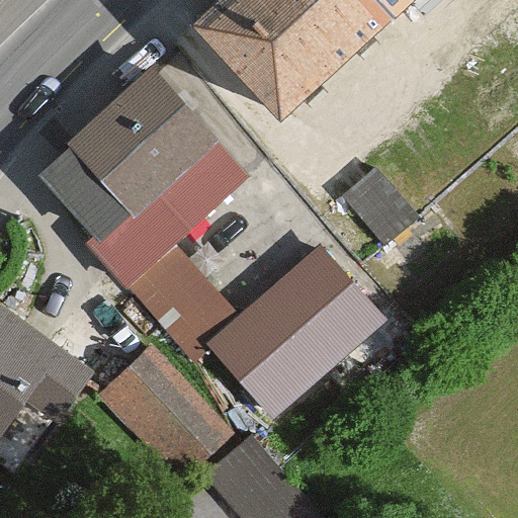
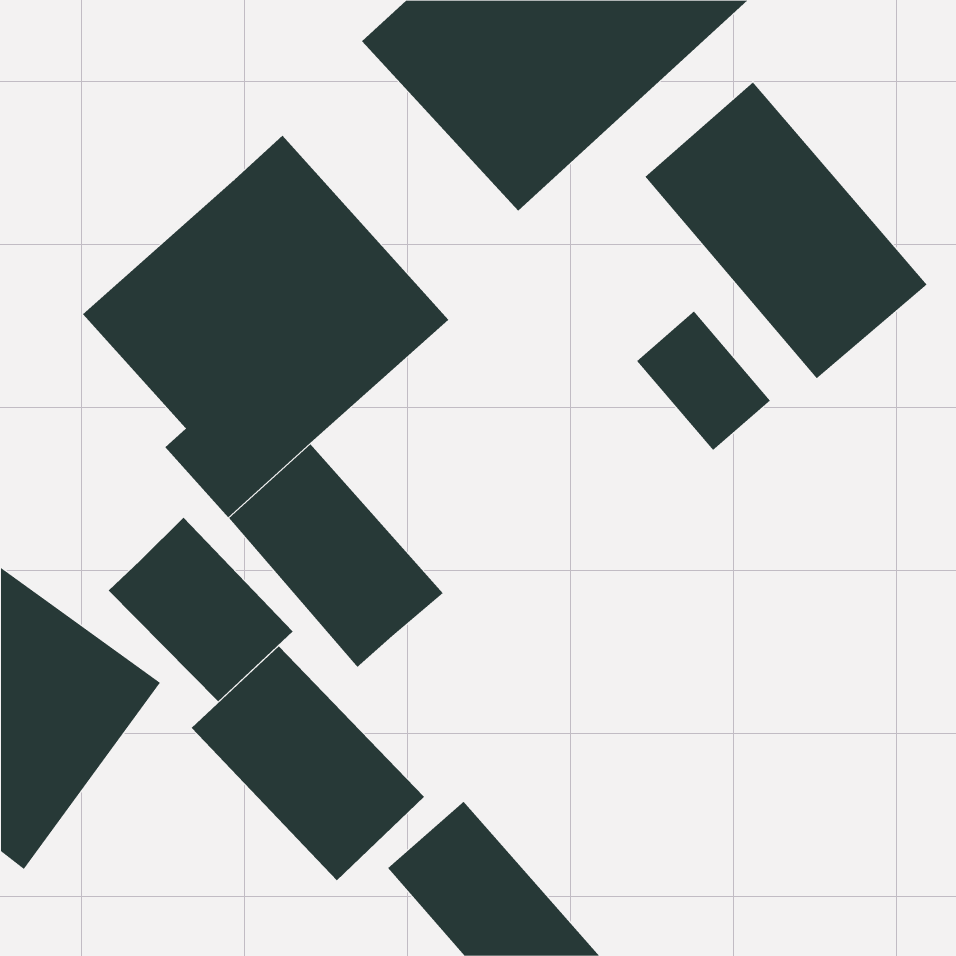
building: none -> [644,82,927,379]
building: [212,250,378,409] -> none
building: none -> [108,517,294,702]

